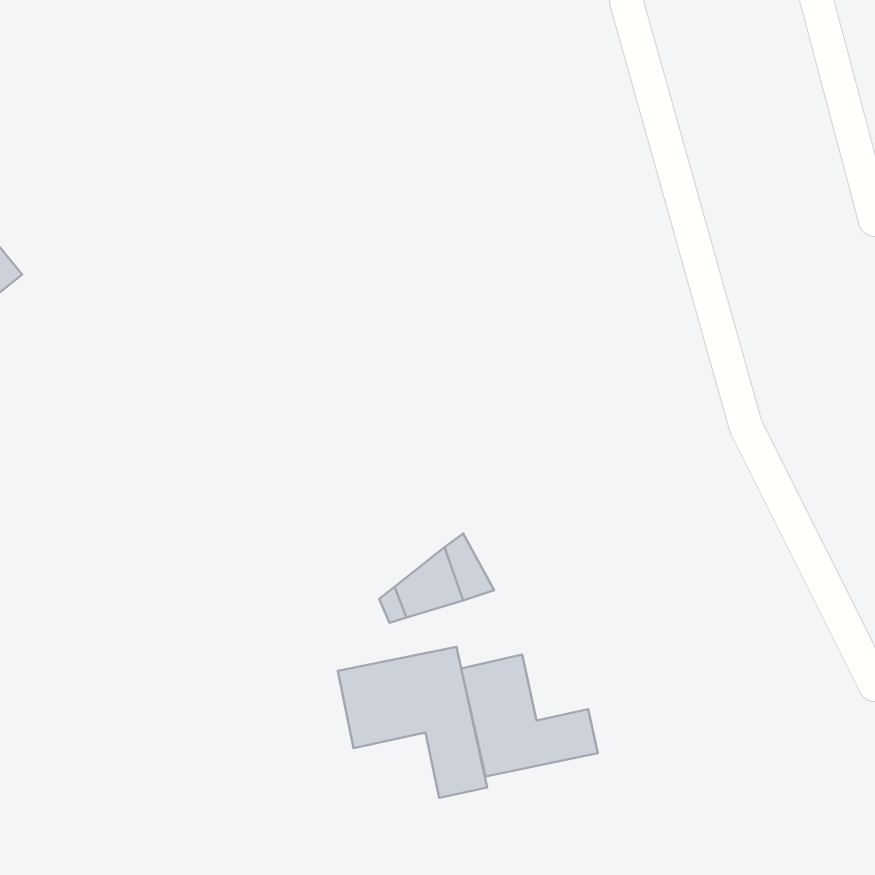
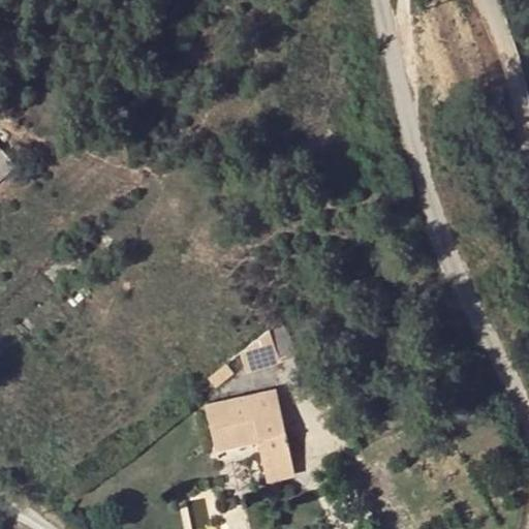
building: [461,654,598,777] -> none

